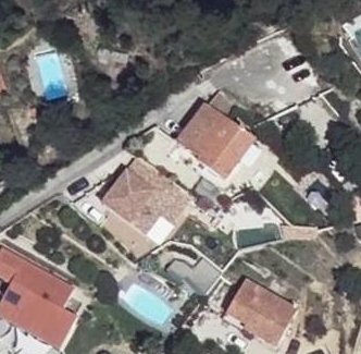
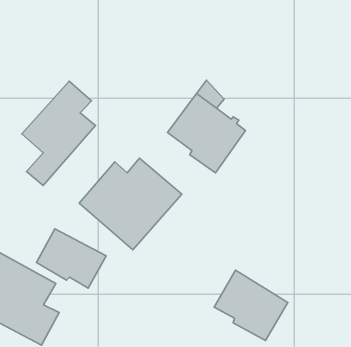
building: none -> [22,81,95,185]
building: none -> [37,229,106,288]

